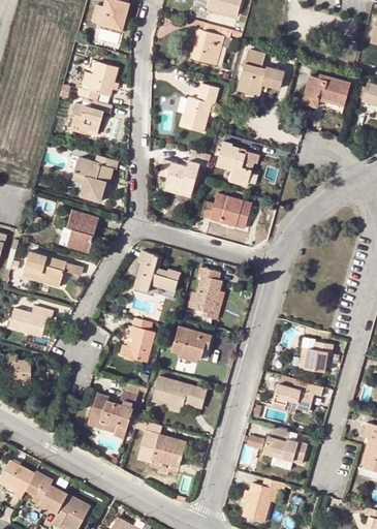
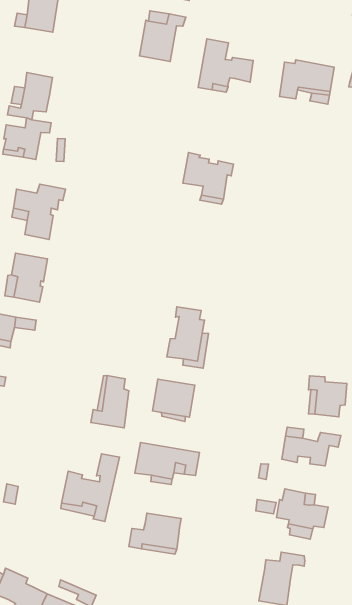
building: [180,84,217,133] -> none
building: [158,150,210,197] -> none
building: [199,194,251,230] -> none
building: [133,252,179,291] -> none

